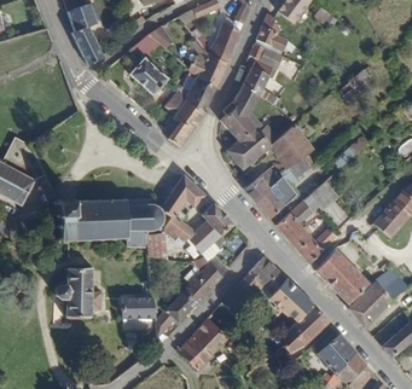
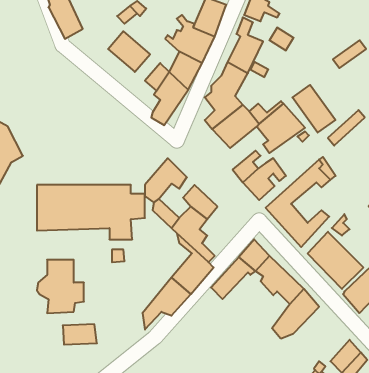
building: none -> [292,85,335,133]
building: [126,302,158,321] -> [63,324,97,345]
building: [179,315,227,368] -> none
building: [319,332,355,371] -> none

